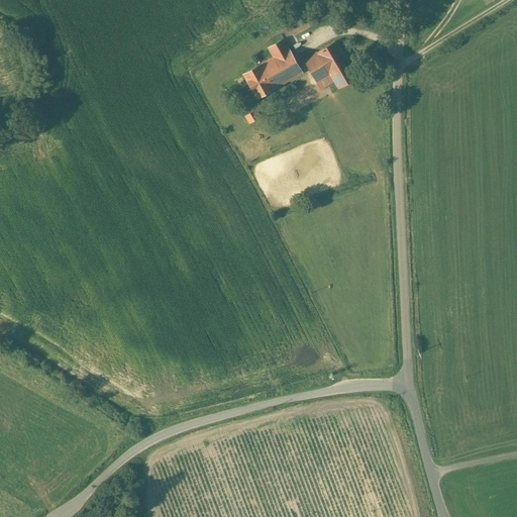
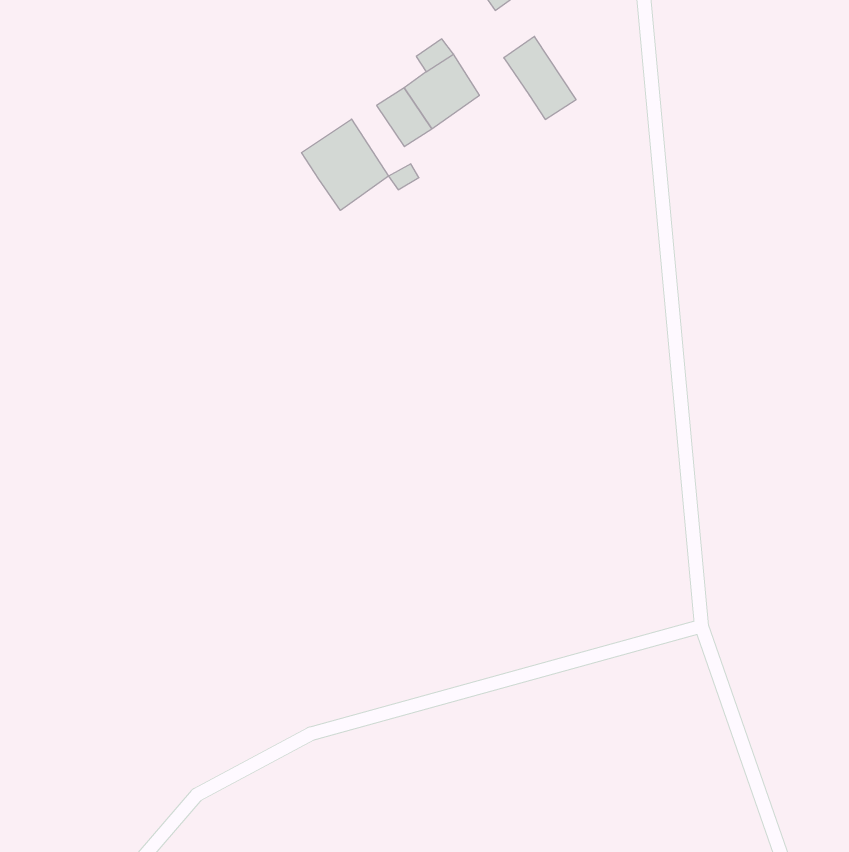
building: [302,54,329,84] -> none
building: none -> [302,119,388,210]

